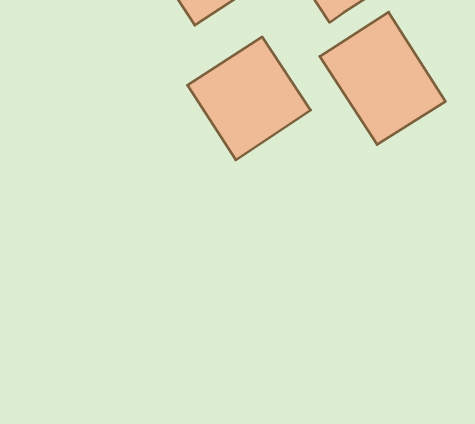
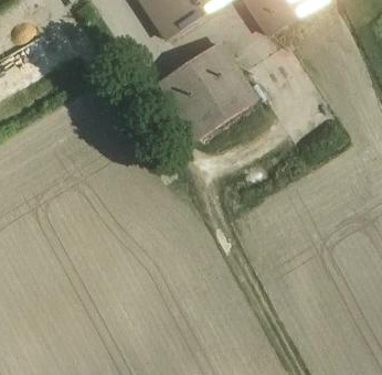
building: [320,12,445,145] -> none

